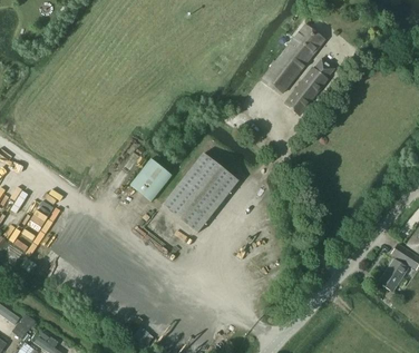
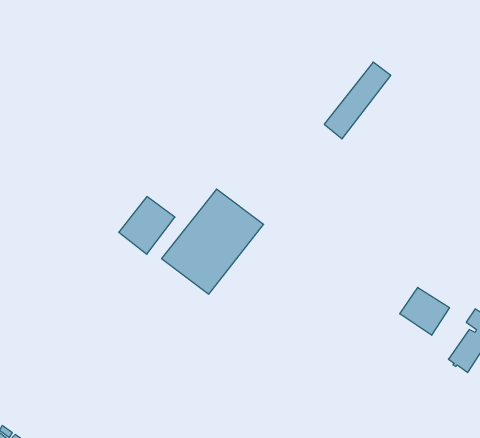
building: [262,23,324,92] -> none
building: none -> [400,287,449,335]

